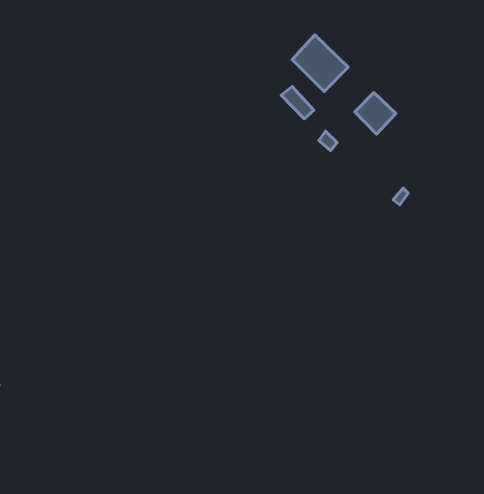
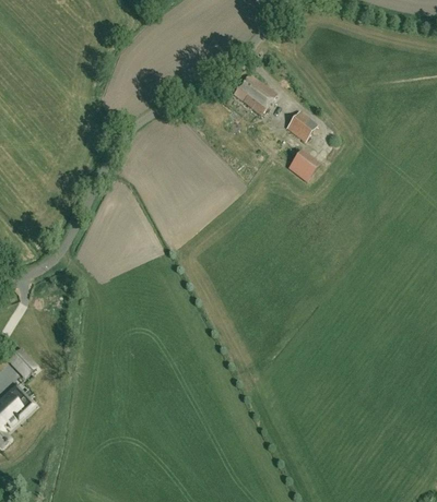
building: none -> [288,151,319,182]

